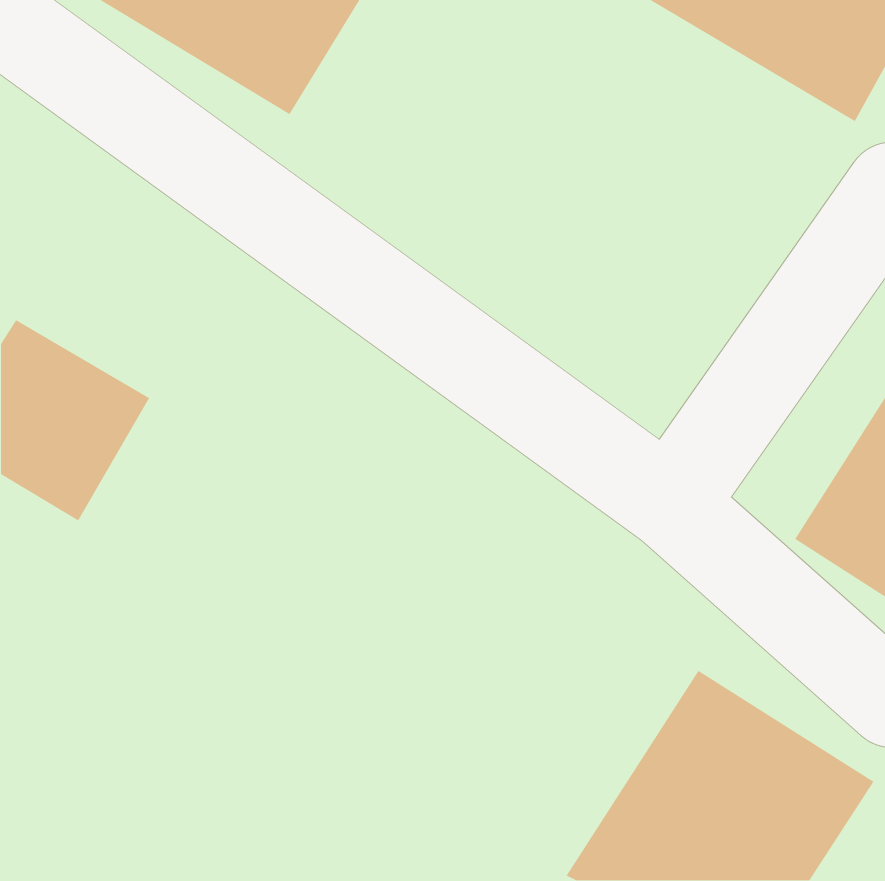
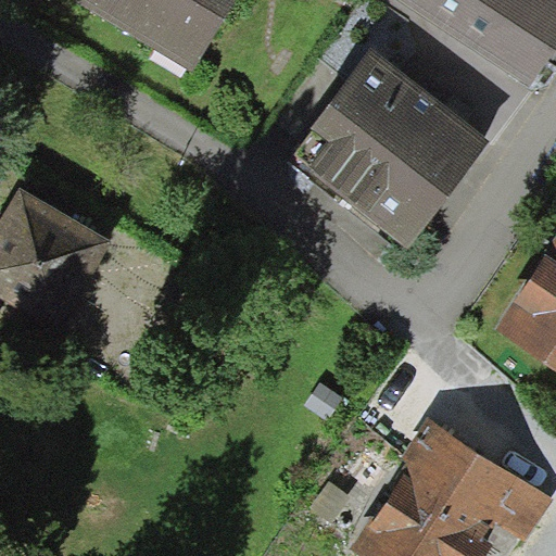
building: none -> [293,53,486,242]

